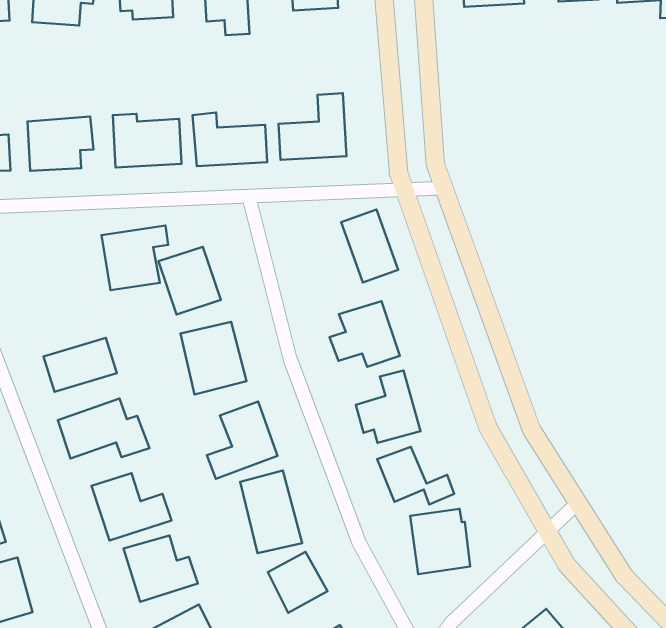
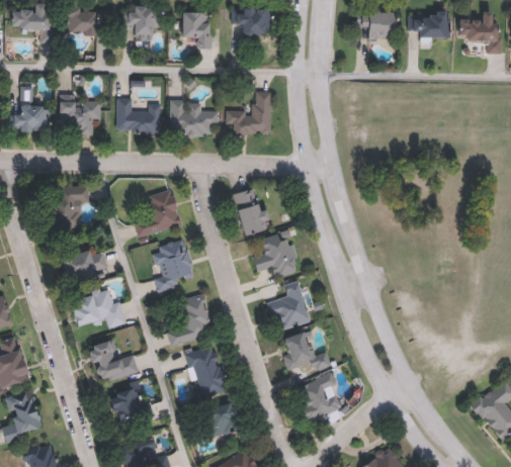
building: [341,210,398,282] -> [232,188,268,237]
building: [101,226,168,290] -> [45,189,89,230]

